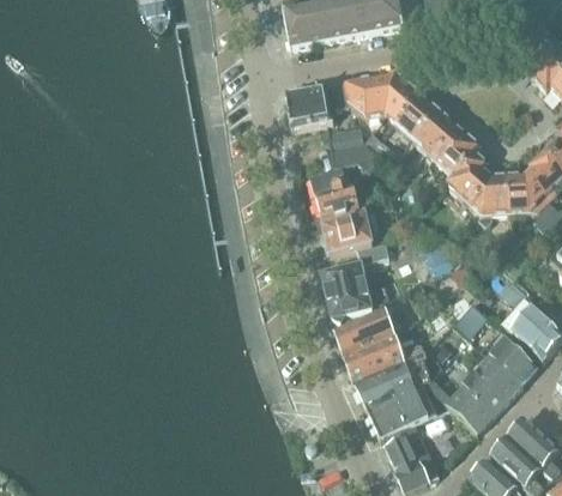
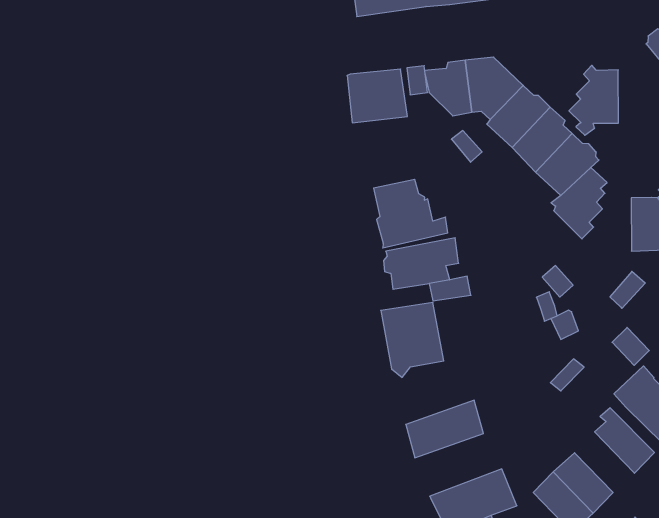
building: [328,126,381,169] -> none
building: [472,170,510,224] -> [569,65,618,135]
building: [334,306,397,356] -> none
building: [353,350,446,410] -> none
building: [476,353,522,399] -> none

